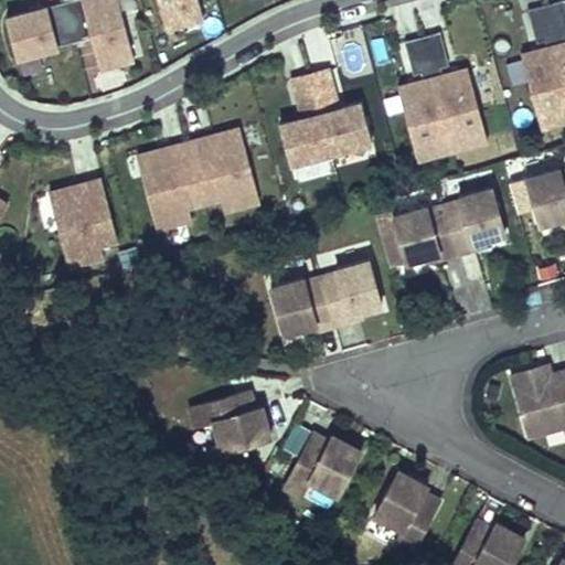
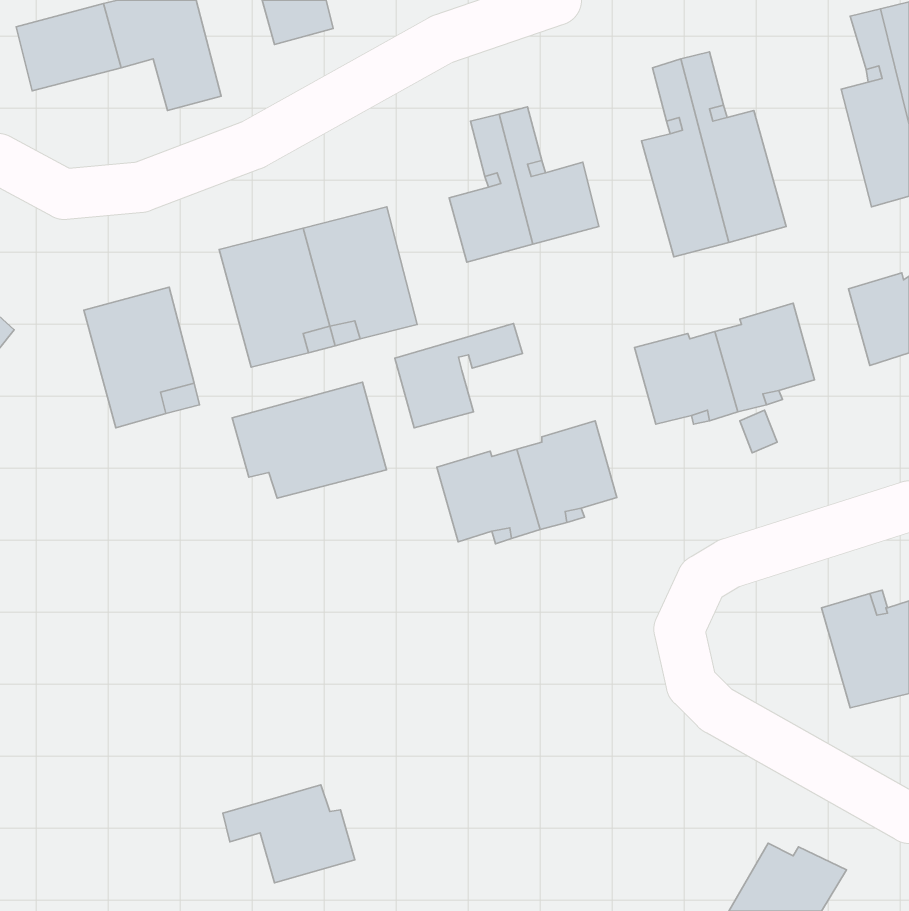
building: none -> [395,324,523,428]
building: none -> [232,382,387,498]
building: [189,392,270,452] -> [223,785,355,883]
building: [282,434,360,499] -> none
building: [373,471,438,557] -> none

